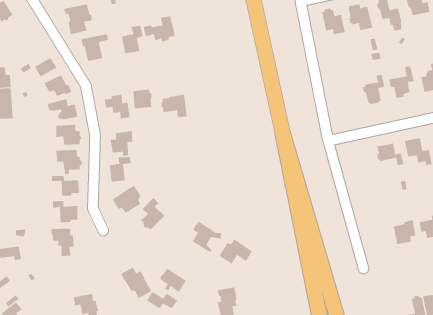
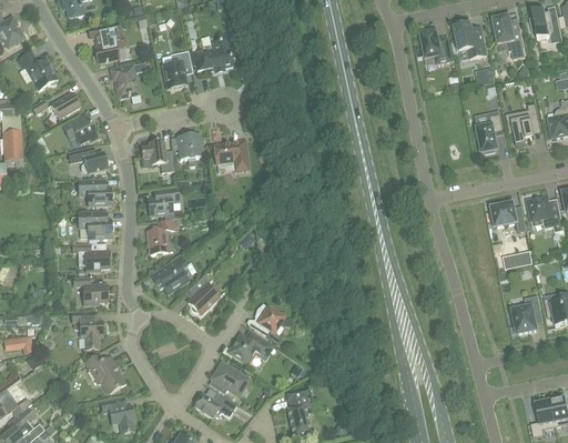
building: none -> [17,50,57,89]
building: [218,239,253,264] -> [229,329,273,362]
building: [120,267,152,299] -> [83,351,124,392]

